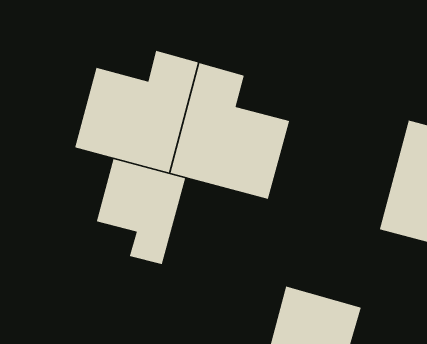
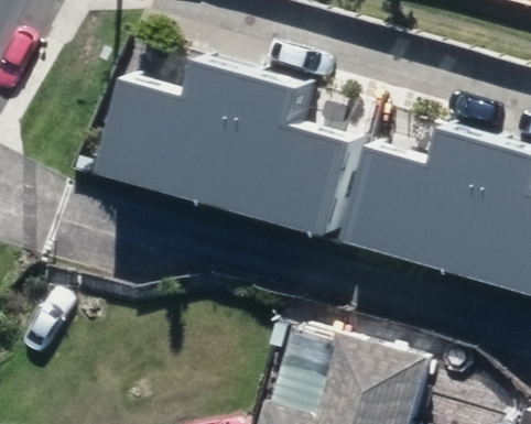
building: none -> [339,127,485,270]
building: [96,158,186,265] -> none

